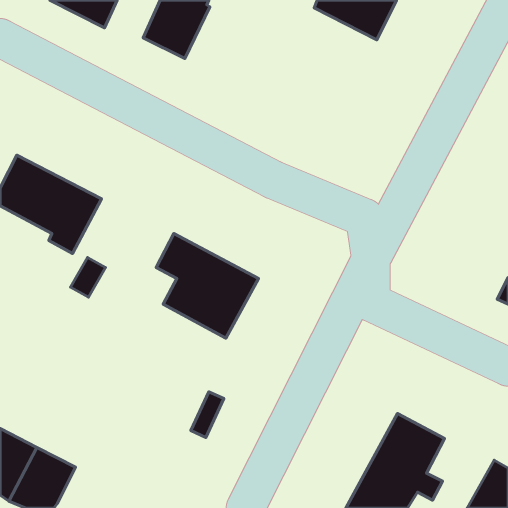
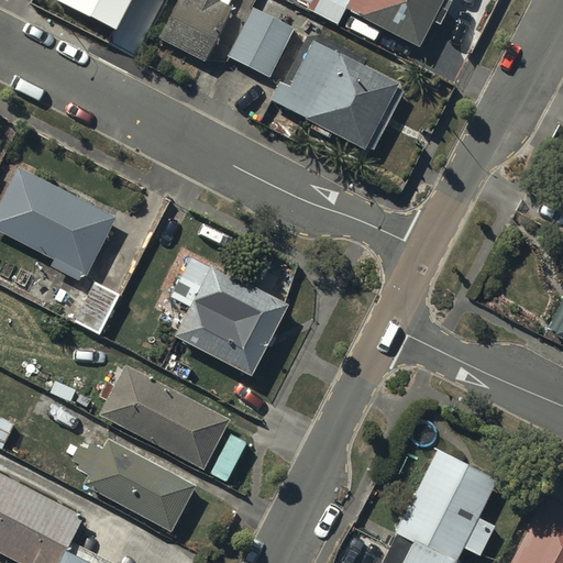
building: none -> [228,9,295,79]
building: none -> [268,44,399,148]
building: none -> [104,369,228,466]
building: none -> [74,448,192,530]

